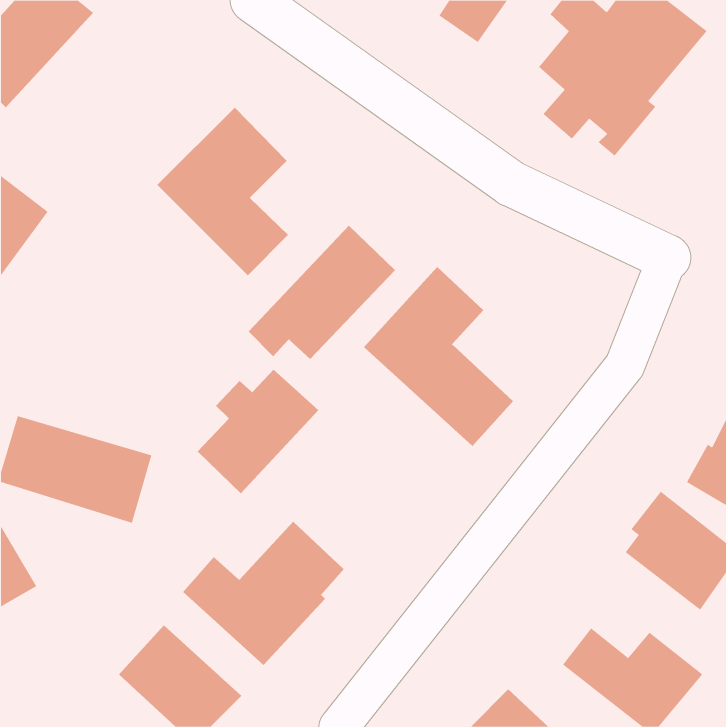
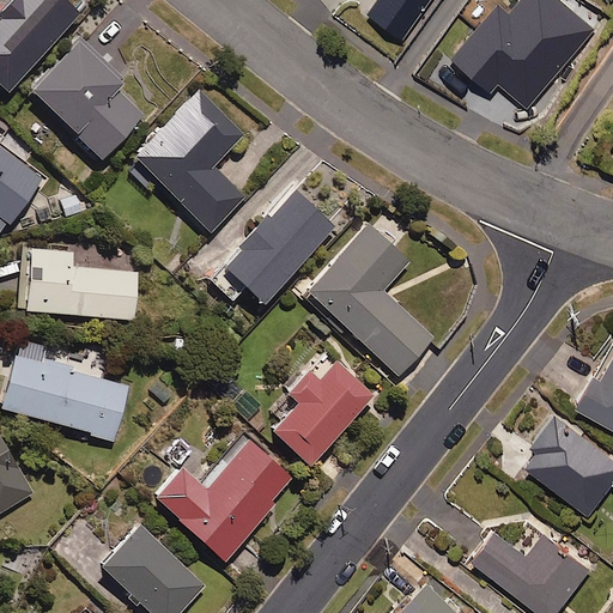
building: none -> [29,36,142,158]
building: none -> [17,247,138,318]
building: [197,369,319,494] -> [271,360,374,466]

